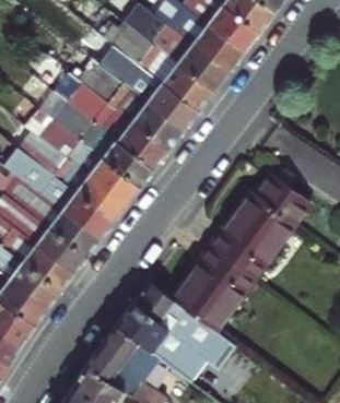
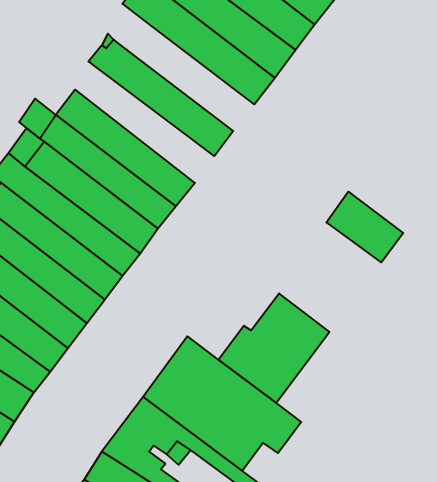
building: [105,49,199,129] -> none
building: [67,81,169,167] -> none
building: [218,194,293,277] -> none

